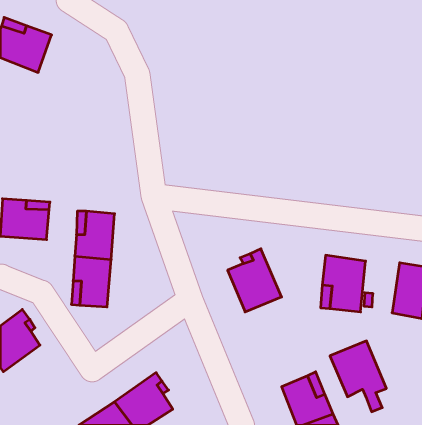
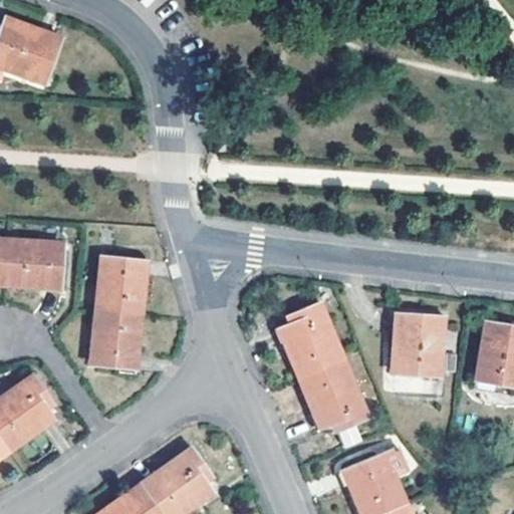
building: [330,341,386,412] -> [299,358,367,444]

